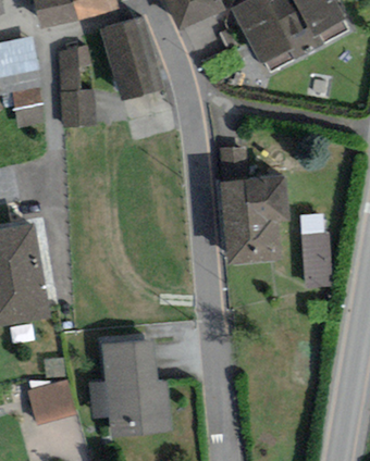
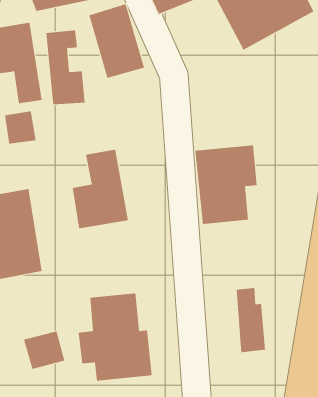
building: none -> [4,111,36,145]
building: none -> [72,149,128,229]
building: [300,214,334,287] -> [236,288,266,353]

